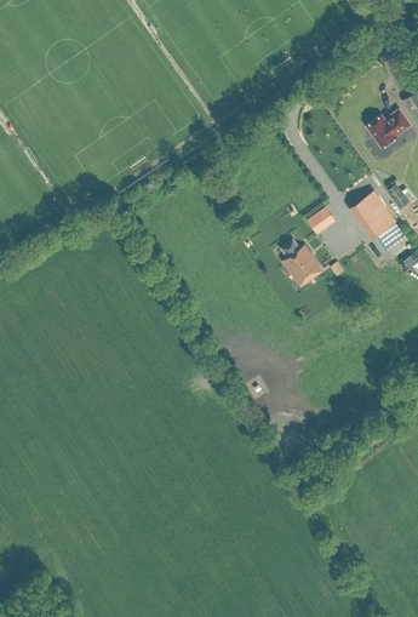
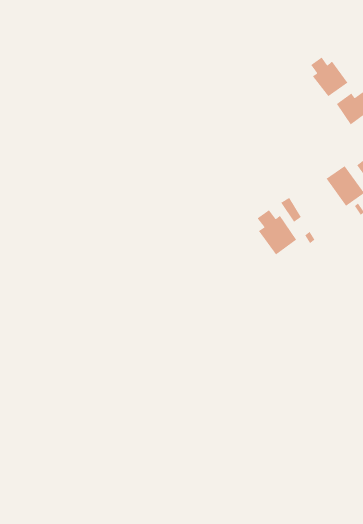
building: none -> [310,56,348,97]

